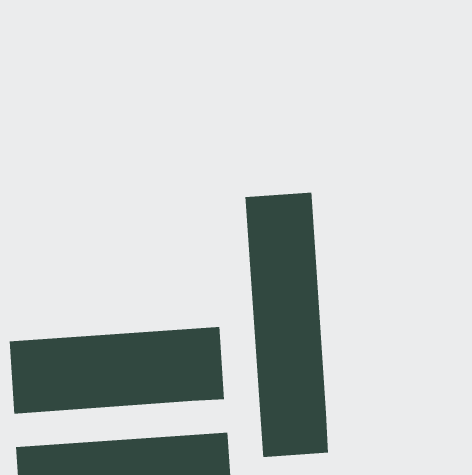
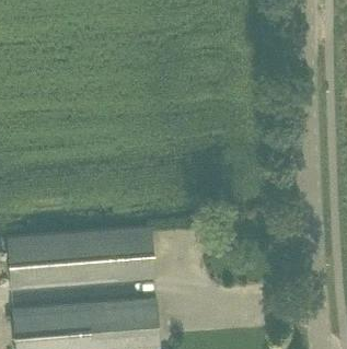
building: [245,192,328,458] -> none

